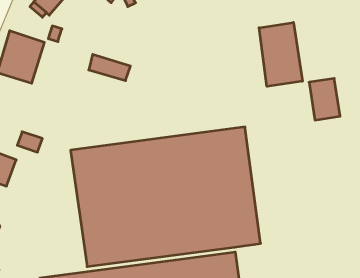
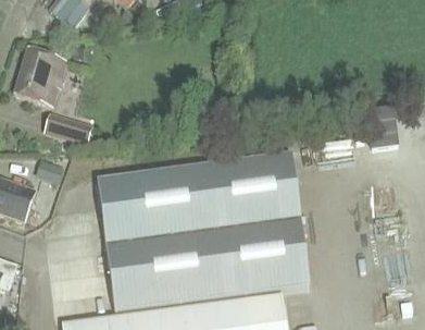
building: [259,22,302,86] -> none
building: [89,54,130,81] -> [46,113,92,143]

